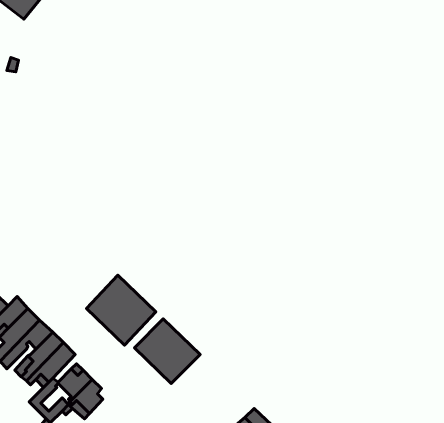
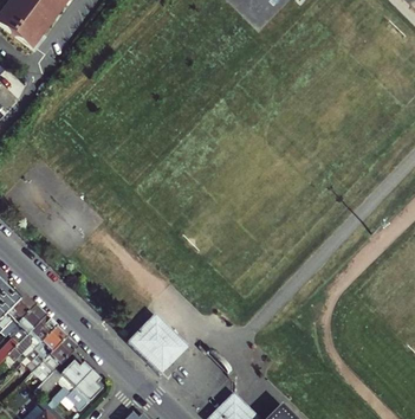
building: [87,275,156,345] -> none

